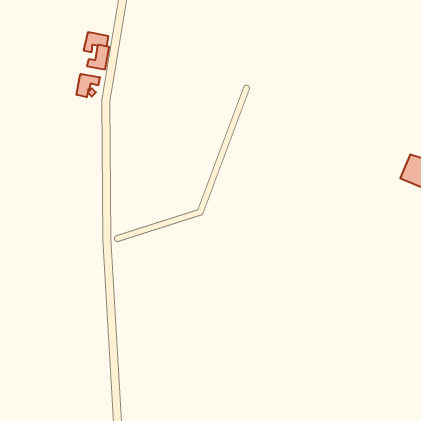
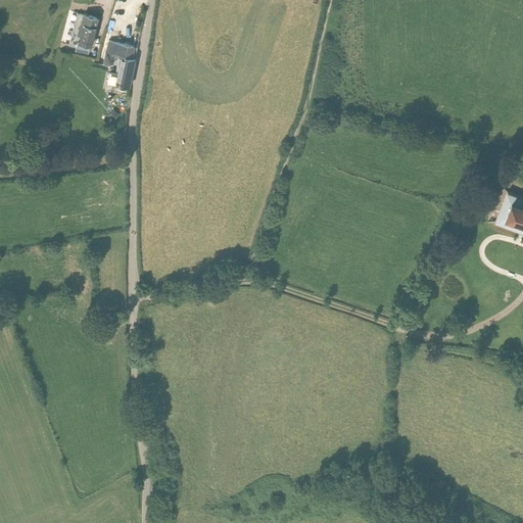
building: none -> [70,13,100,52]
building: [77,74,100,97] -> none

